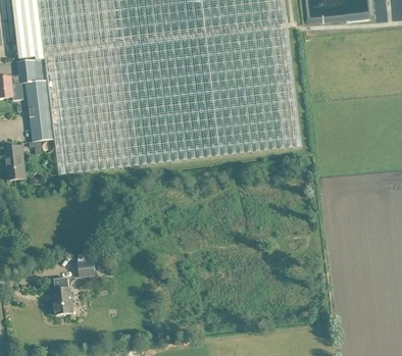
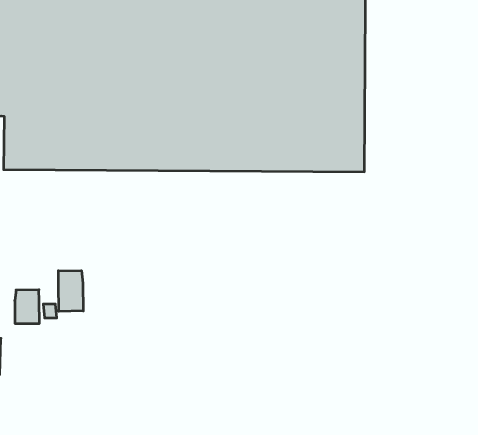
building: none -> [58,271,83,311]

